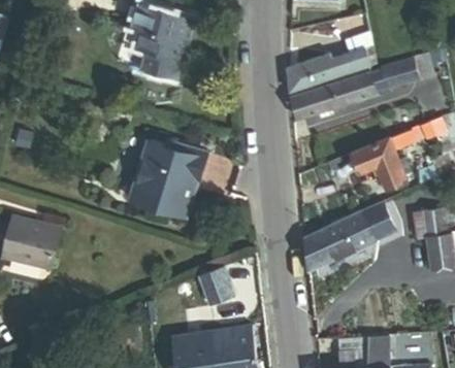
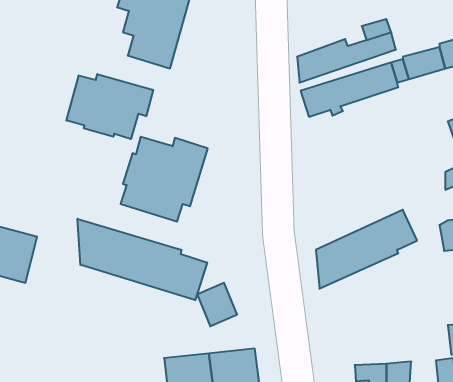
building: none -> [66,74,153,139]
building: [352,131,416,192] -> none
building: none -> [78,219,207,300]

